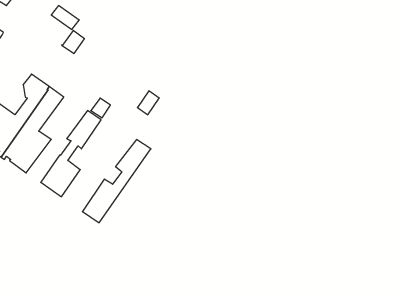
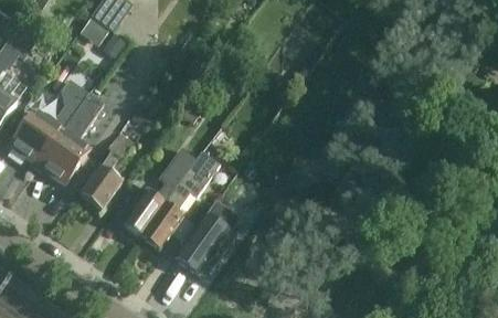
building: none -> [141,151,220,250]
building: none -> [176,201,240,275]

